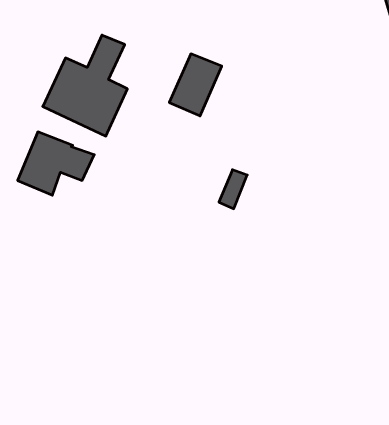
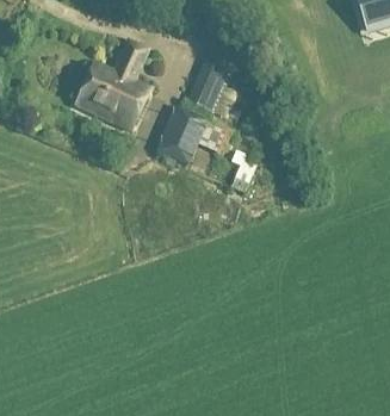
building: [18,132,94,195] -> [156,106,224,162]

